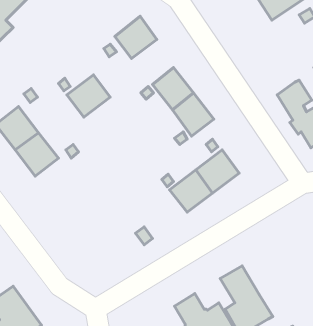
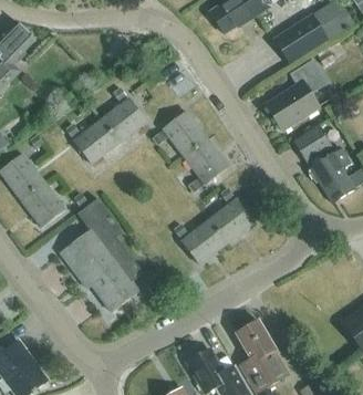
building: [115,16,157,59] -> [103,98,147,143]
building: none -> [266,60,326,132]
building: none -> [61,198,144,312]

